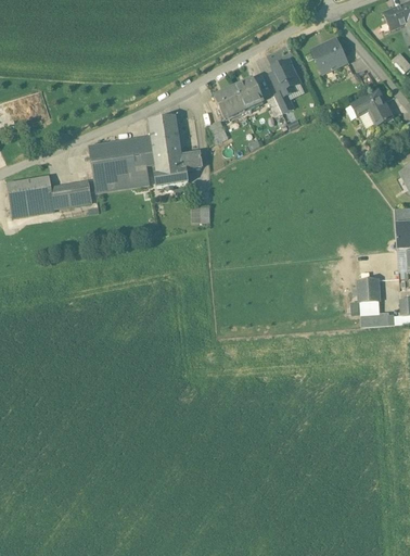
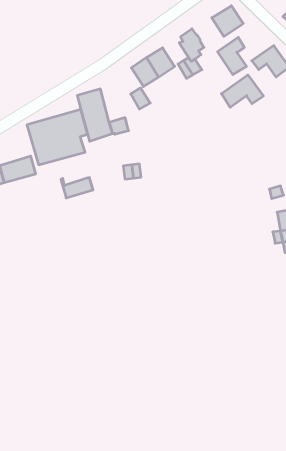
building: none -> [218,37,246,75]
building: none -> [221,75,263,107]
building: [153,164,188,187] -> [61,178,93,198]

